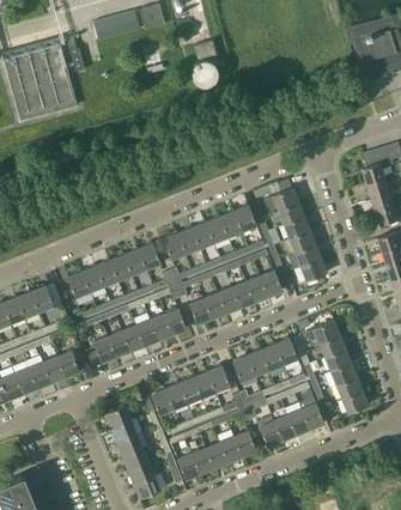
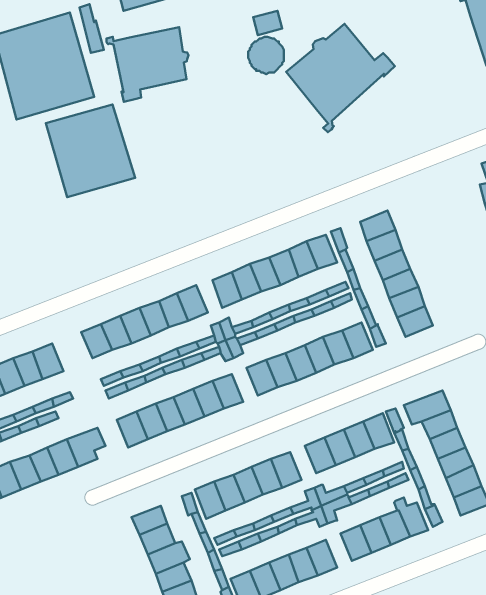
building: none -> [286,24,395,132]
building: none -> [106,27,189,102]
building: none -> [46,104,135,197]

